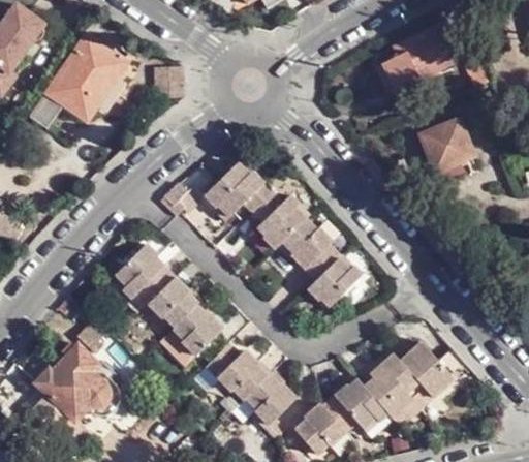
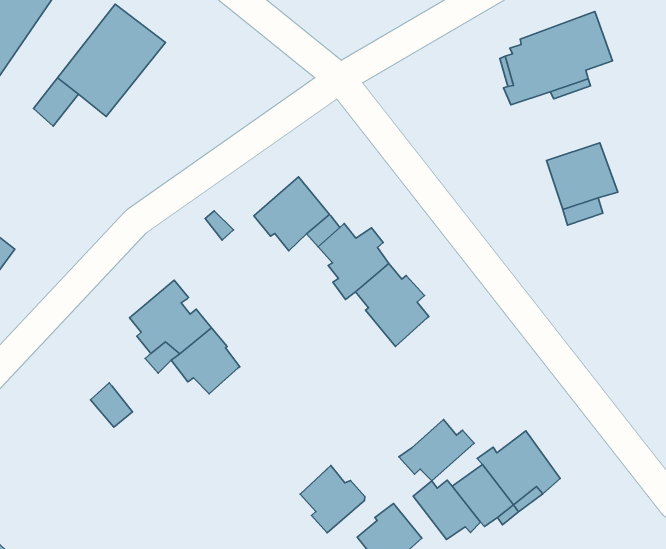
building: [304,259,360,306] -> [399,419,474,481]
building: [173,305,222,357] -> none
building: [32,342,116,431] -> none
building: [208,343,267,400] -> none

